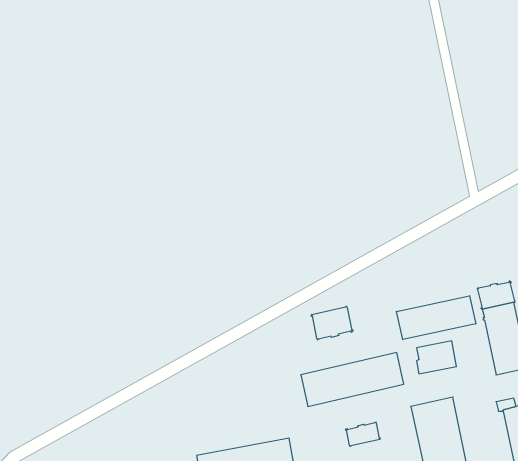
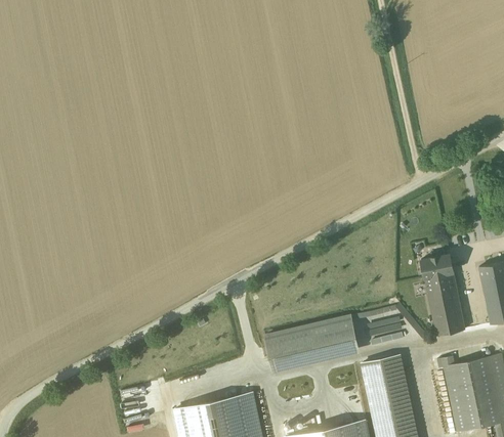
building: [396,296,476,340] -> none
building: [311,306,353,340] -> none
building: [346,422,380,446] -> none

